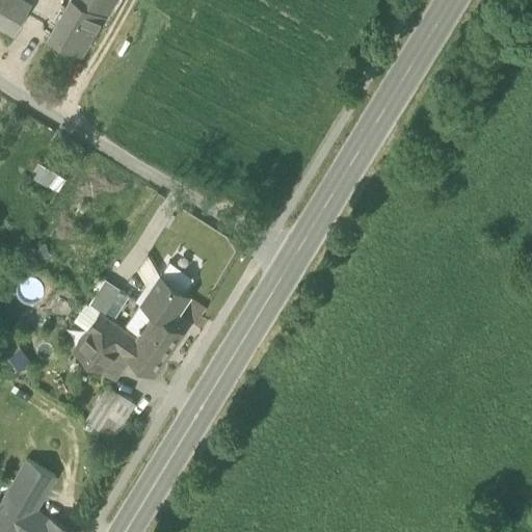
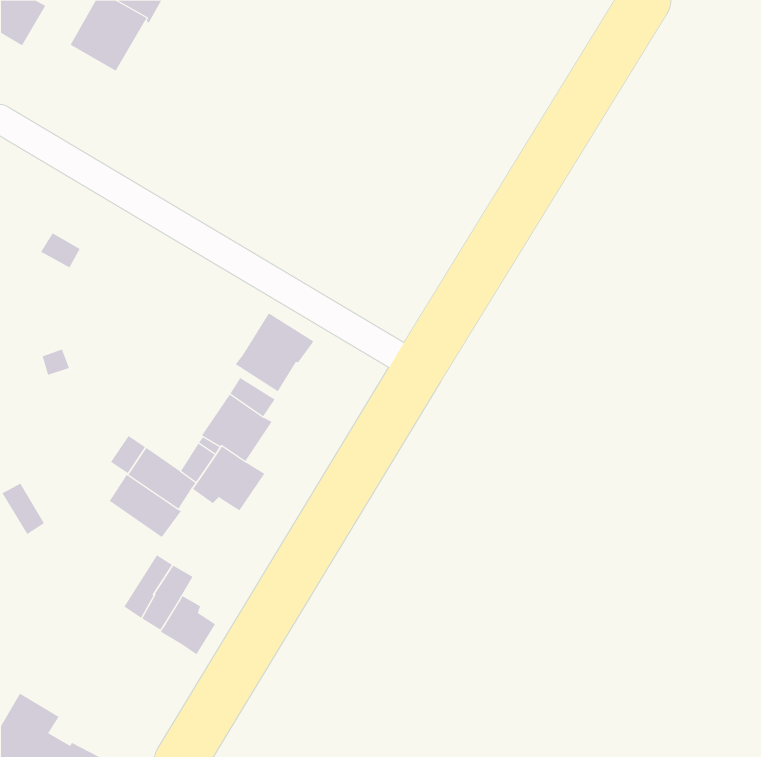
building: none -> [235,312,314,392]
building: [89,282,121,317] -> none
building: [125,344,167,378] -> none
building: none -> [160,595,216,655]
building: [14,462,55,503] -> none

